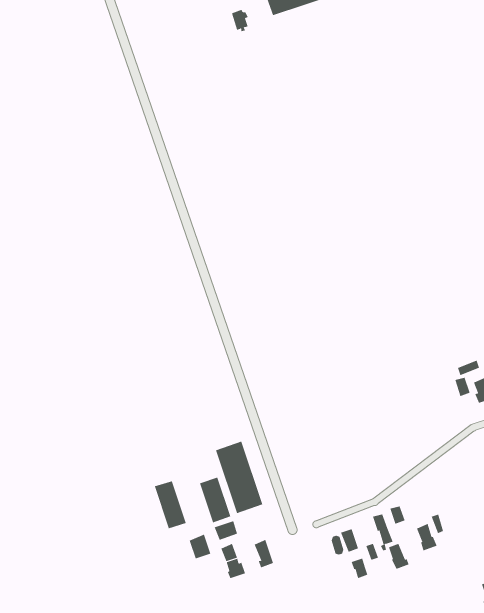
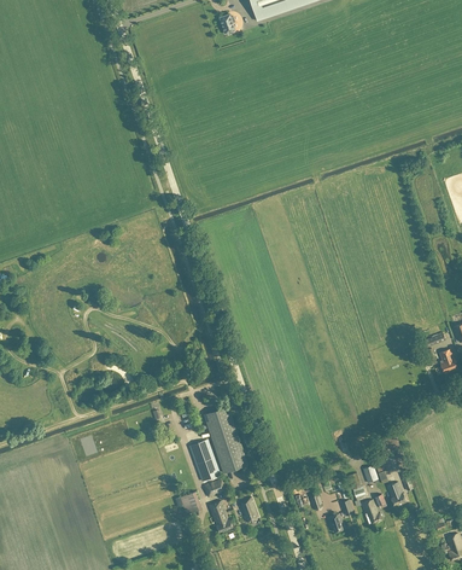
building: [154,480,187,529] -> none

